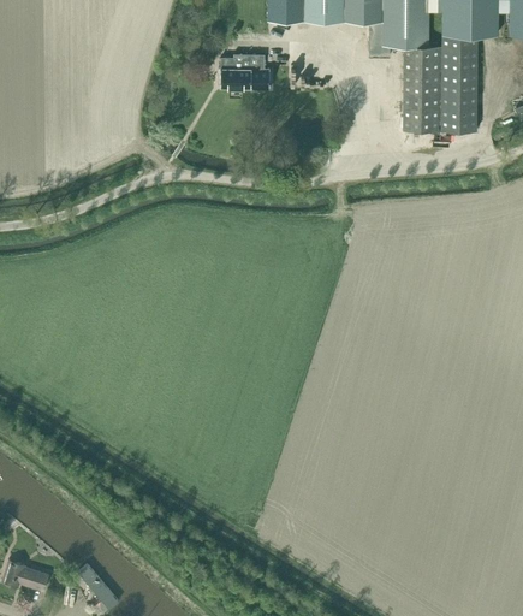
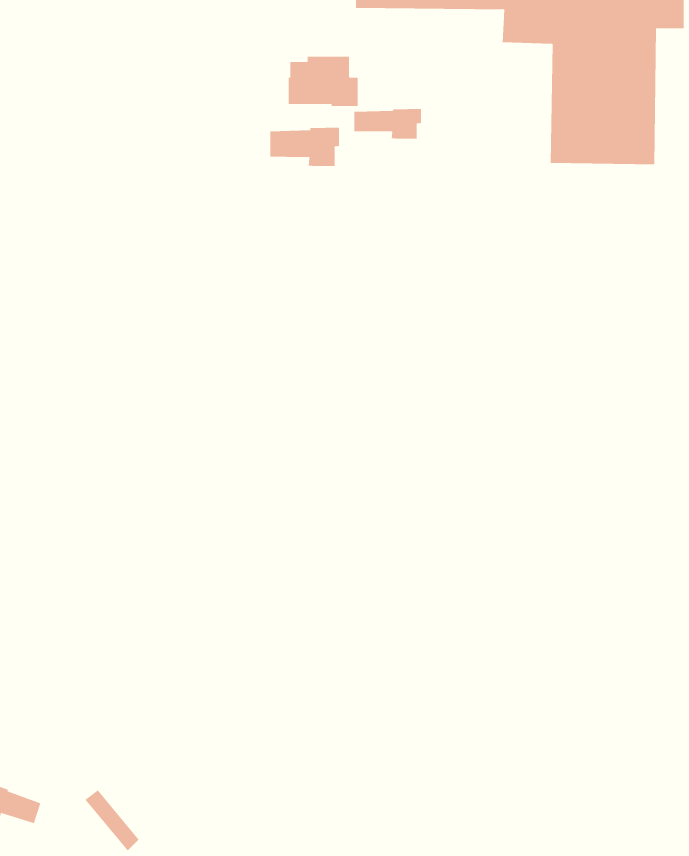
building: none -> [354,108,421,139]
building: none -> [270,127,339,167]

